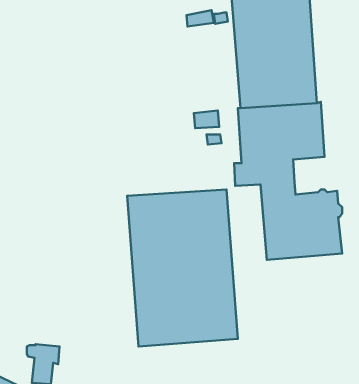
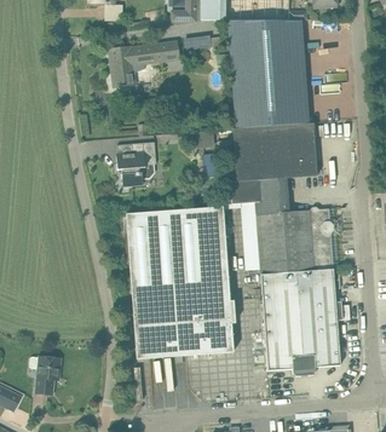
building: none -> [109,42,178,87]
building: none -> [115,142,155,186]
building: none -> [260,269,342,376]

